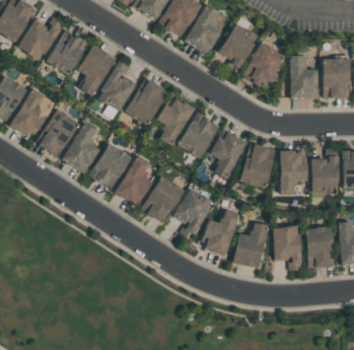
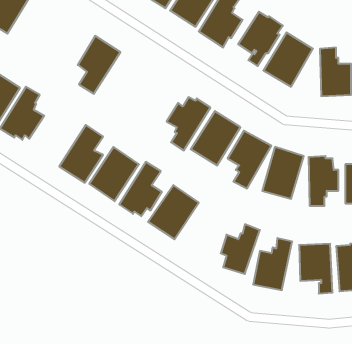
building: [16,18,63,62] -> none
building: [46,28,88,75] -> none
building: [97,66,136,111] -> none
building: [129,79,170,125] -> none
building: [34,110,79,157] -> none
building: [172,188,212,237] -> none

